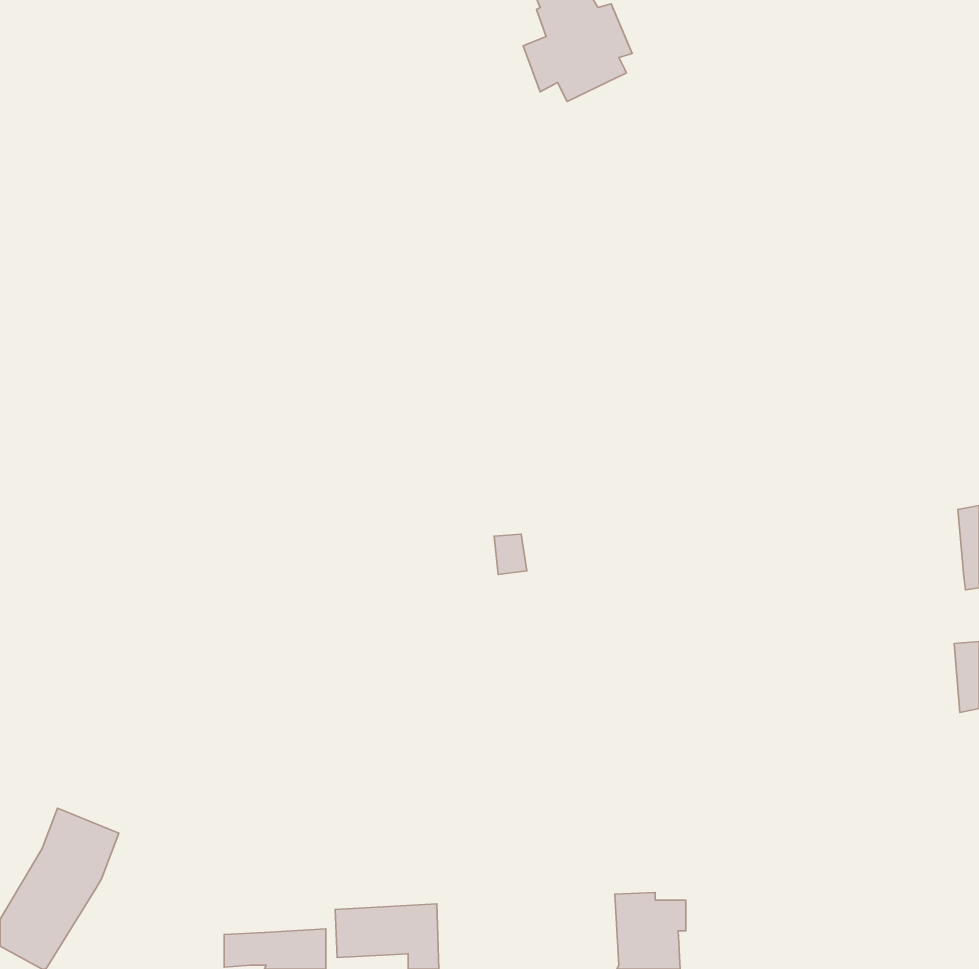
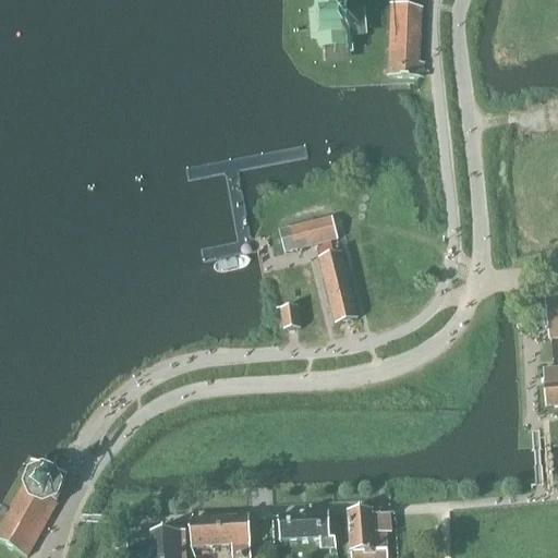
building: none -> [391,4,422,77]
building: none -> [290,215,338,246]
building: none -> [319,250,357,320]
building: none -> [279,511,336,546]

